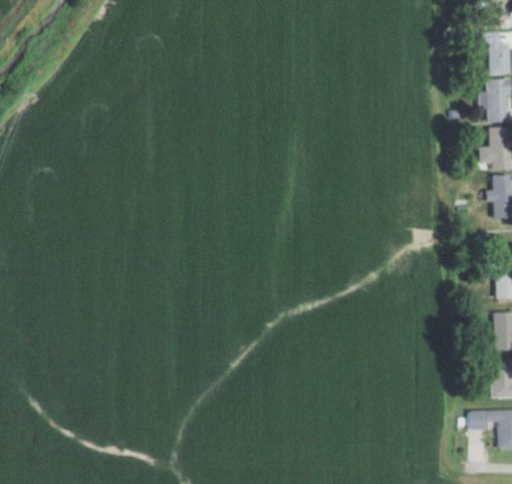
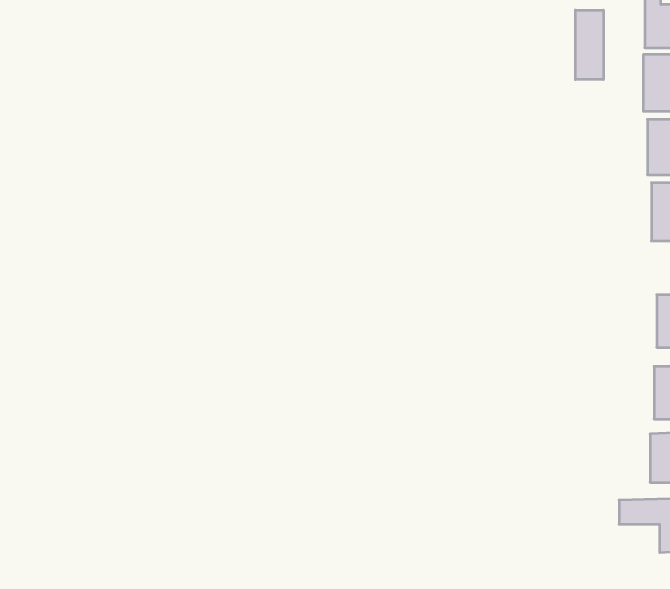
building: none -> [575,10,603,80]

